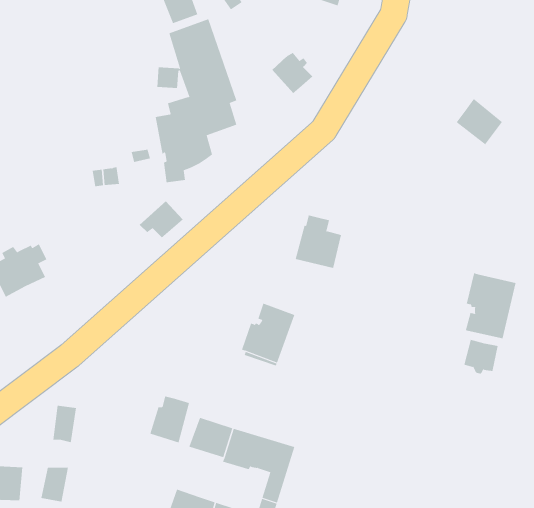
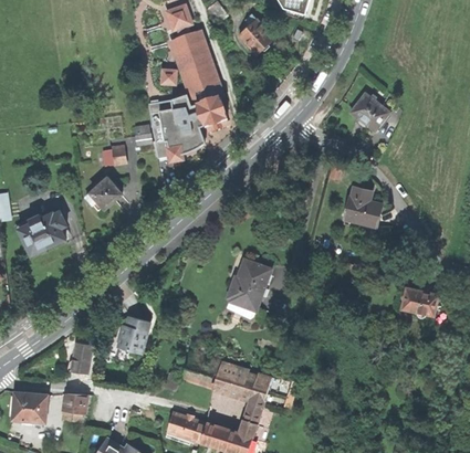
building: [271,52,313,94] -> [240,19,274,53]
building: [456,98,503,145] -> [349,94,388,133]
building: [139,201,183,238] -> [86,178,123,209]
building: [295,215,342,269] -> [343,189,382,233]
building: [465,273,516,339] -> none
building: [150,396,190,443] -> [117,317,150,356]

